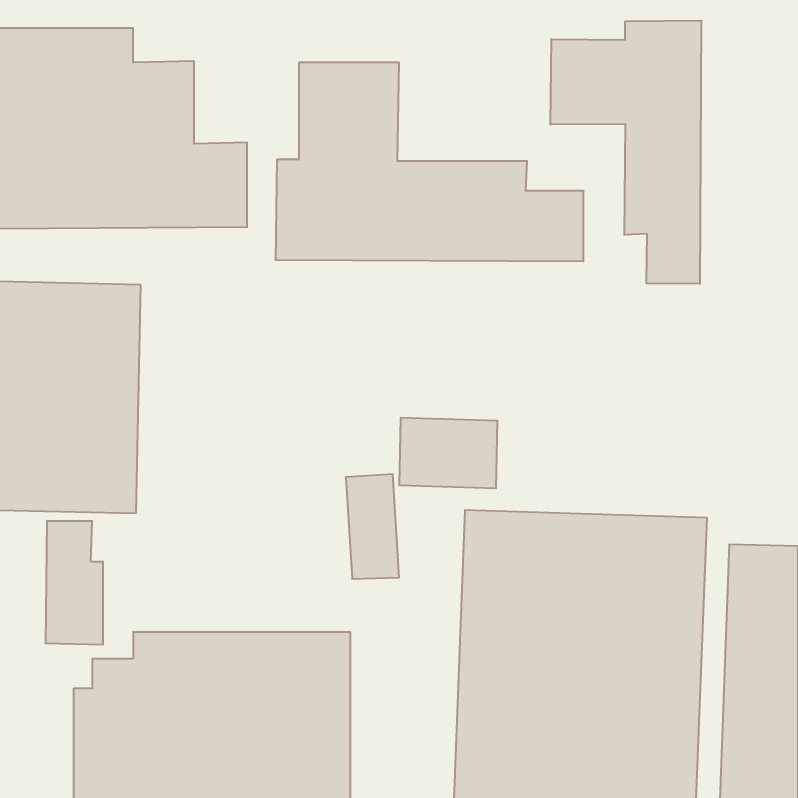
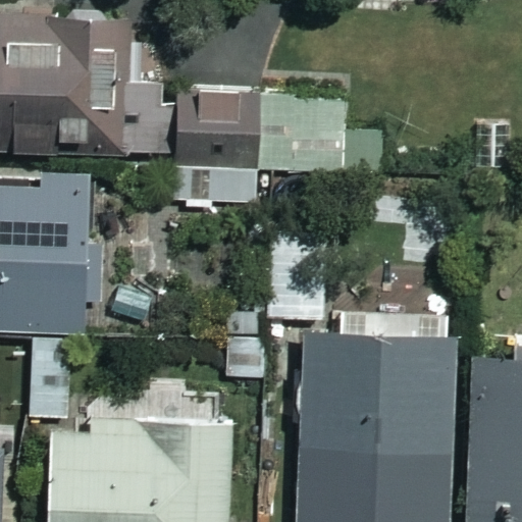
building: [551,21,701,284] -> none

